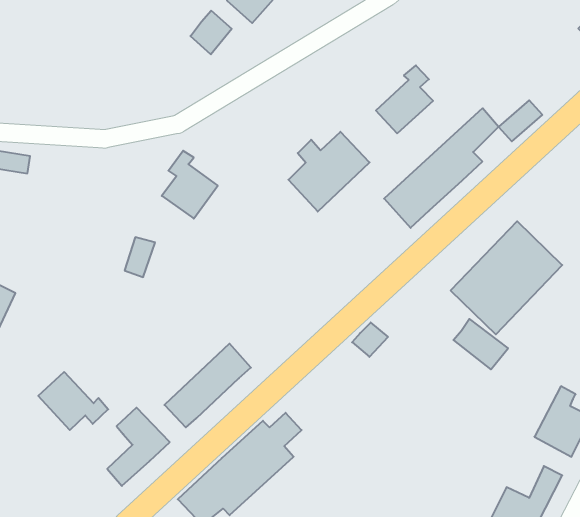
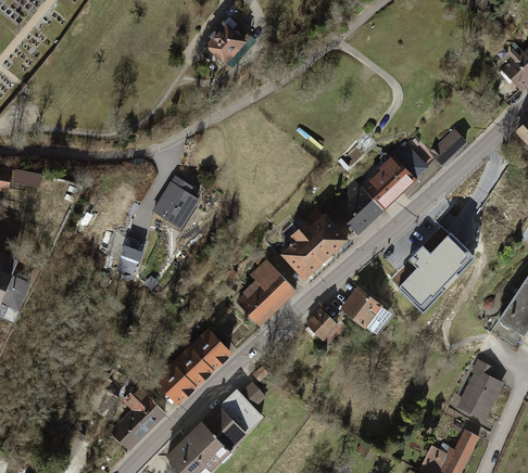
building: [190,11,232,54] -> none
building: [376,65,433,133] -> none
building: [288,132,370,212] -> [282,212,349,277]
building: none -> [238,257,296,324]
building: [453,319,508,369] -> [344,290,389,331]
building: [38,372,108,430] -> none

